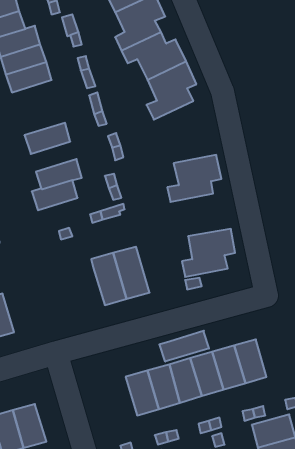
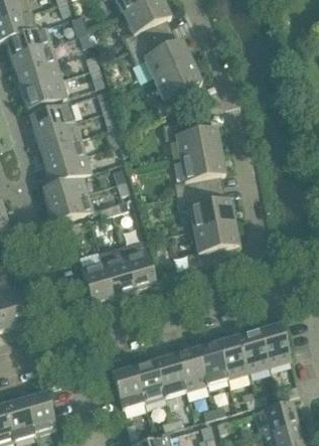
building: none -> [23,79,67,109]
building: none -> [30,103,74,132]
building: none -> [162,116,220,159]
building: none -> [41,138,86,167]
building: none -> [176,188,234,230]
building: none -> [48,192,93,222]
building: none -> [81,260,113,303]
building: [159,331,209,362] -> none
building: none -> [259,323,291,365]
building: none -> [112,365,144,409]

